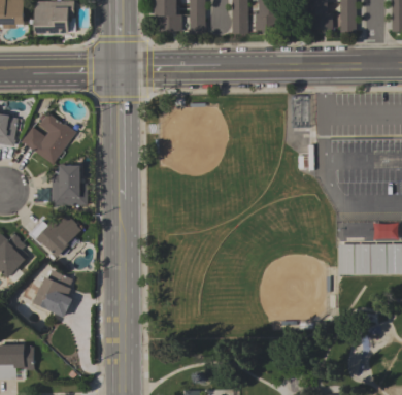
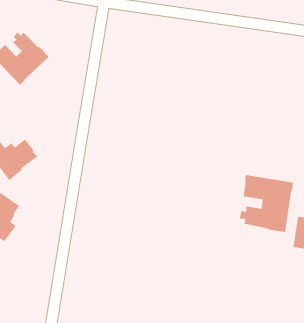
building: [51,163,88,205] -> none
building: none -> [239,174,294,233]

